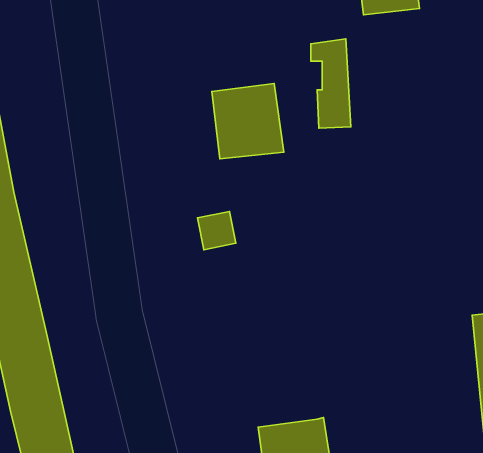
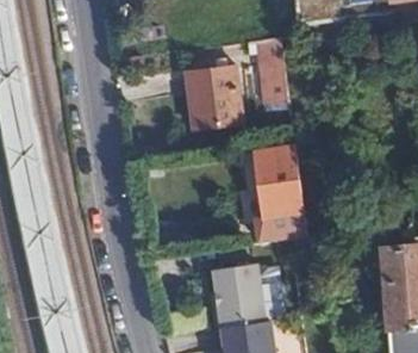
building: none -> [248,149,299,243]
building: none -> [212,264,266,327]

